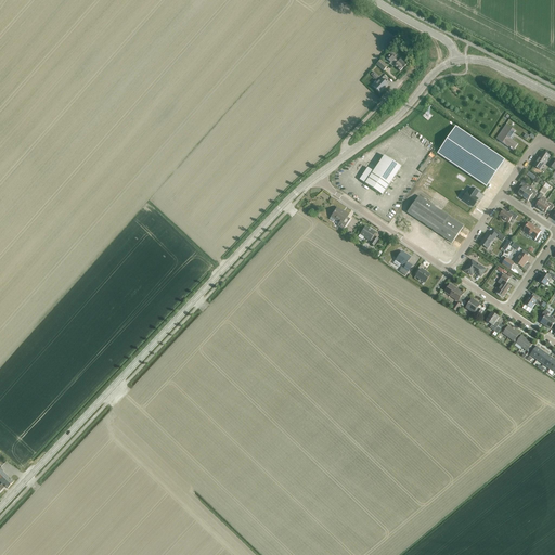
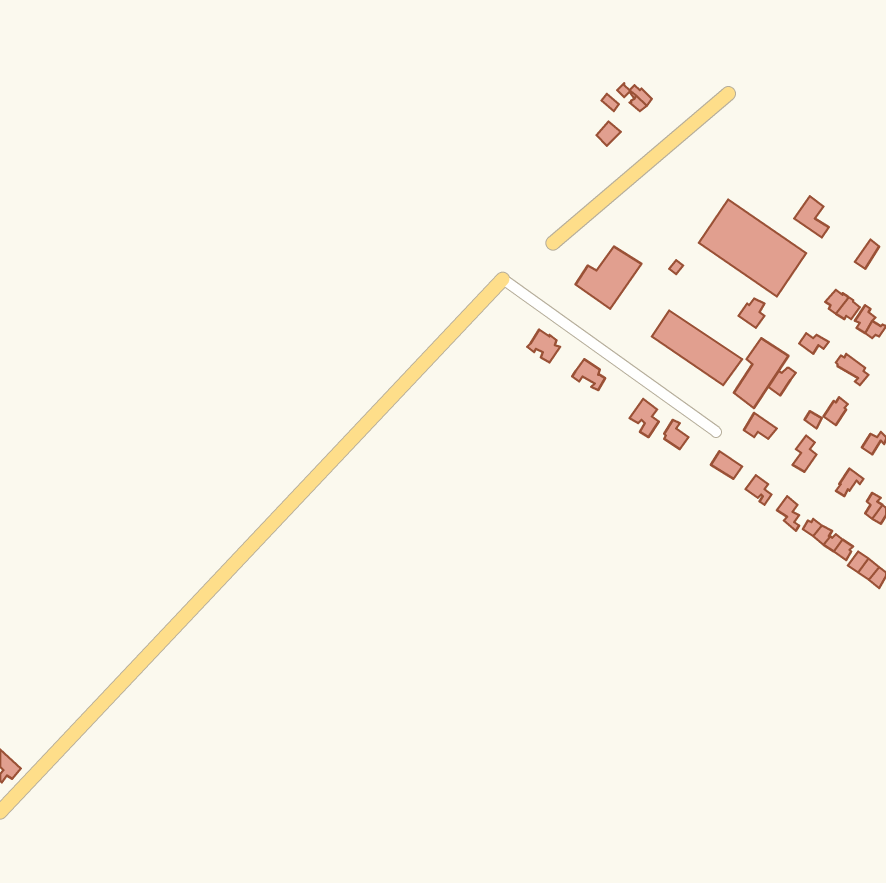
building: none -> [734,338,789,408]

